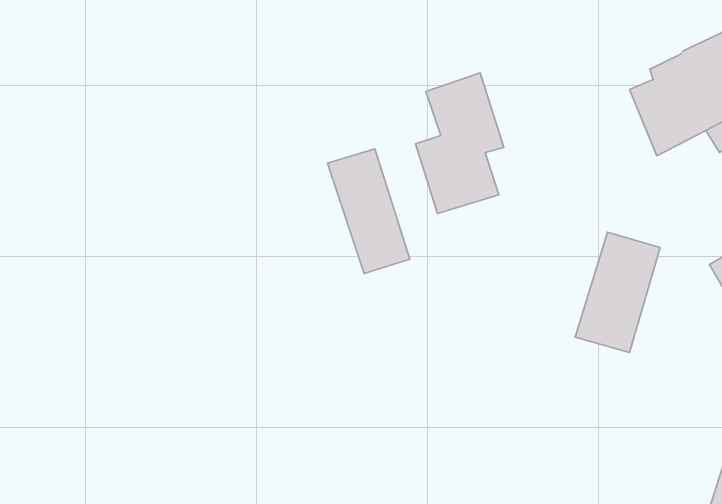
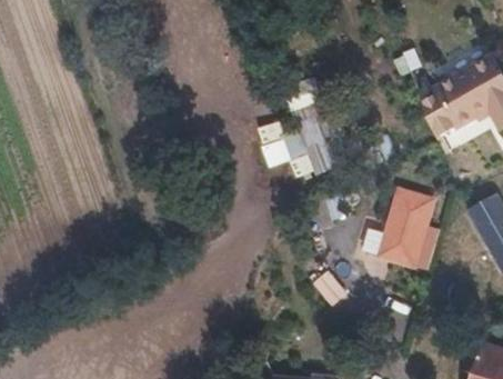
building: [328,149,410,273] -> none

